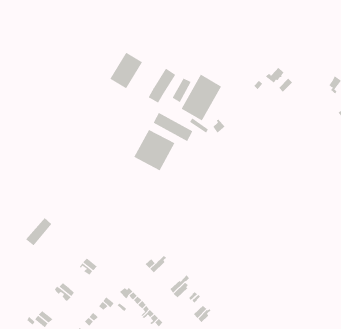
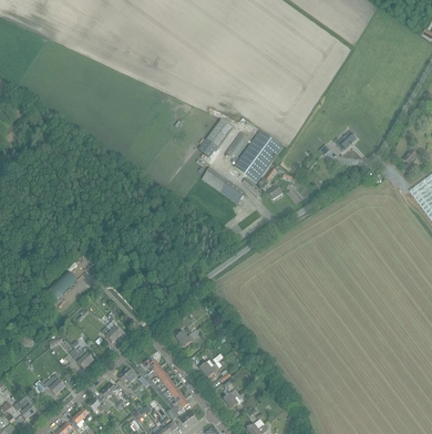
building: [109,52,143,89] -> none
building: [134,129,175,171] -> none

